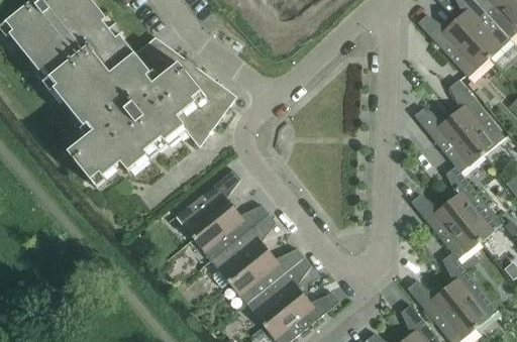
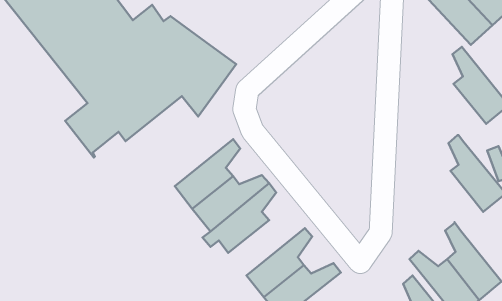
building: [414,107,483,173] -> none
building: [411,194,480,259] -> none
building: [228,248,304,304] -> none

